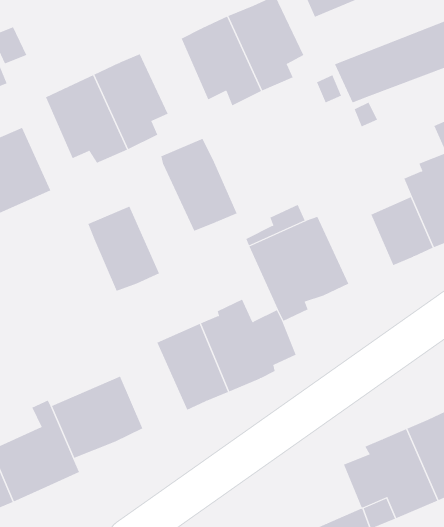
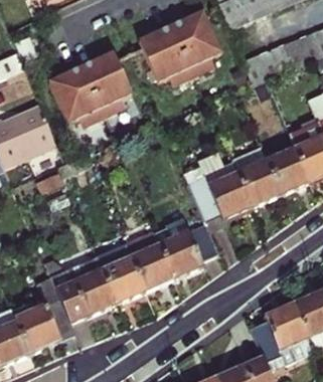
building: [161,138,237,231] -> [231,144,283,206]
building: [88,206,160,292] -> [97,245,145,303]

